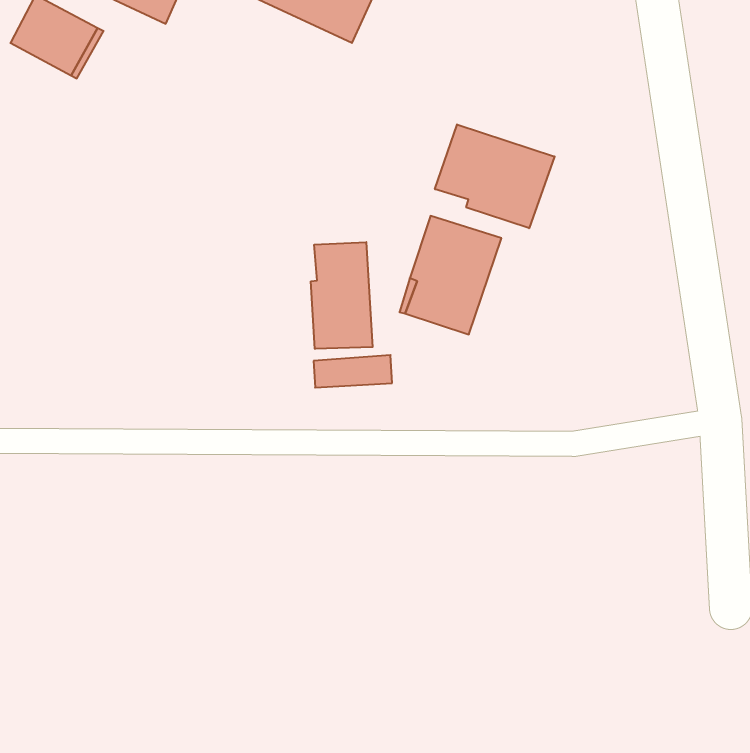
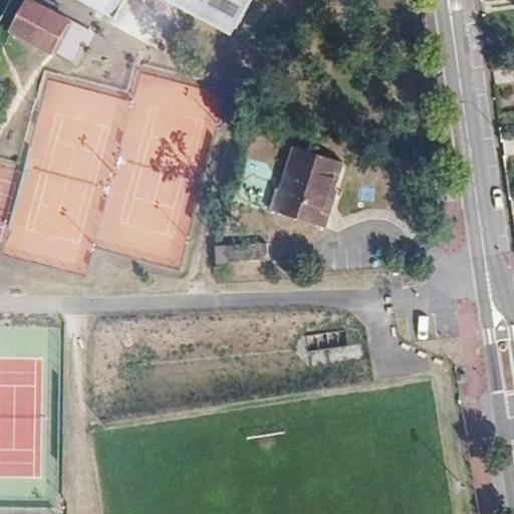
building: [435,124,555,228] -> none
building: [311,242,373,349] -> none

